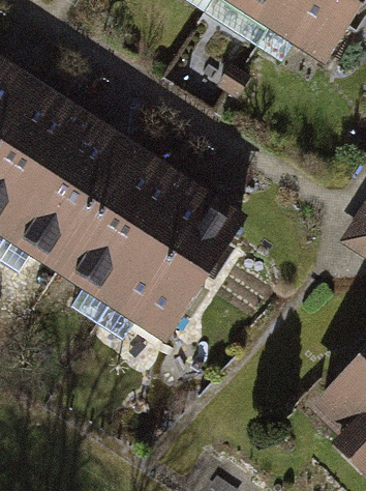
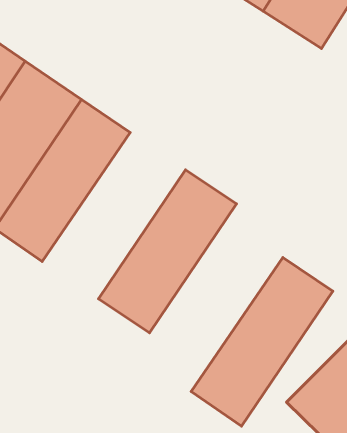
building: [53,157,192,319] -> none
building: none -> [191,257,333,426]

